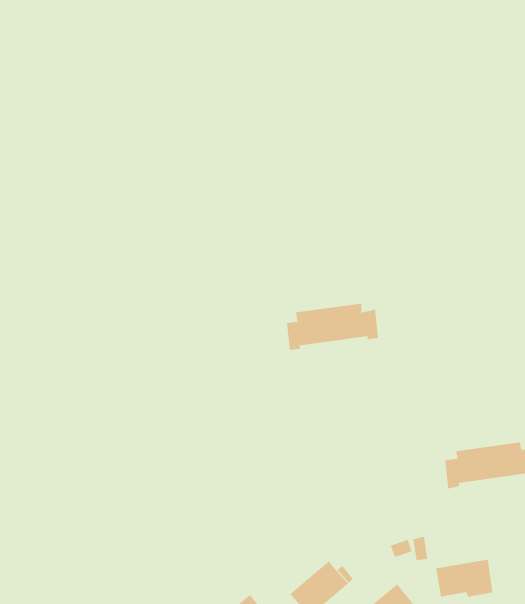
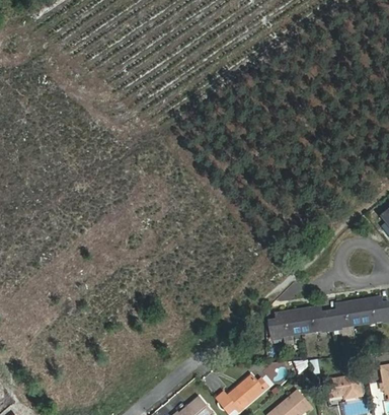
building: [286,303,379,350] -> [268,304,330,336]

